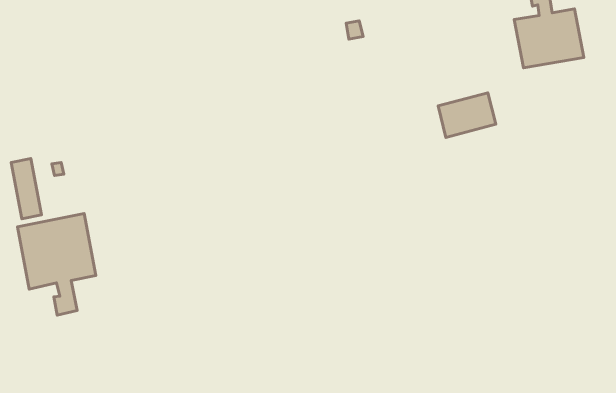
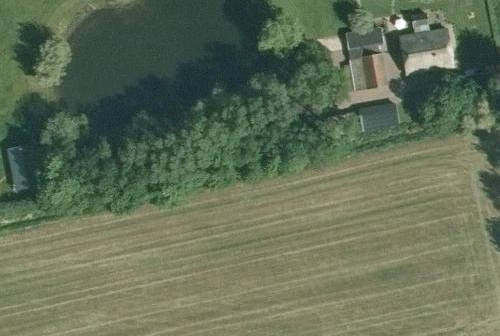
building: none -> [344,27,389,92]
building: [18,213,96,315] -> none

